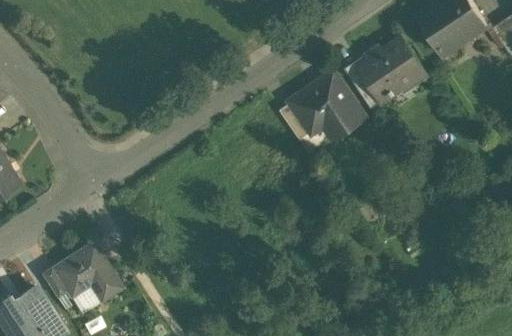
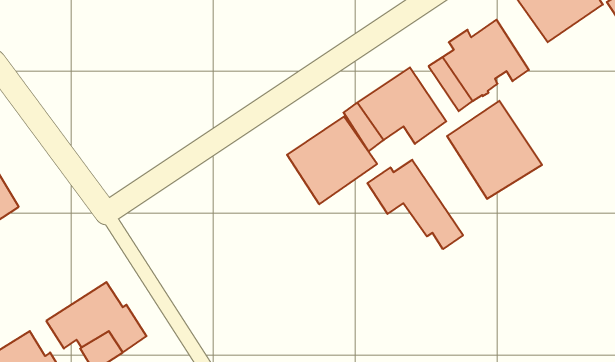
building: none -> [447,101,542,199]
building: none -> [287,117,377,204]
building: none -> [367,160,463,249]

